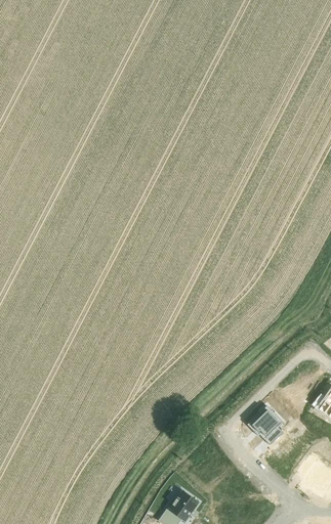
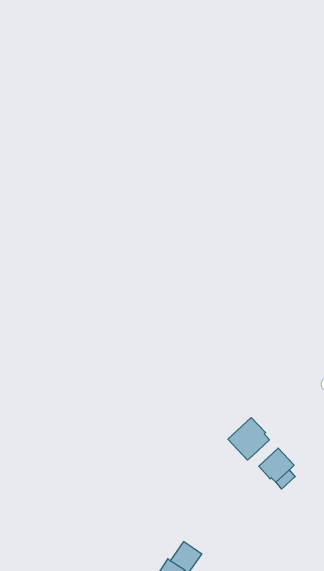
building: none -> [228,418,269,460]

